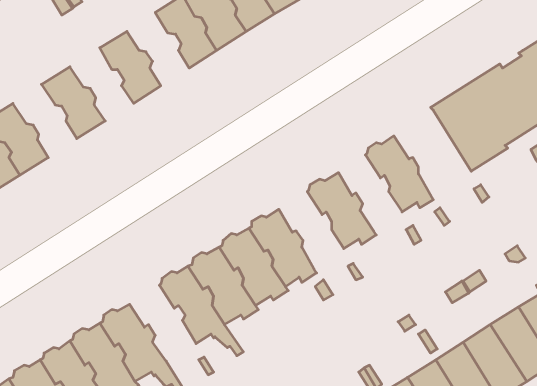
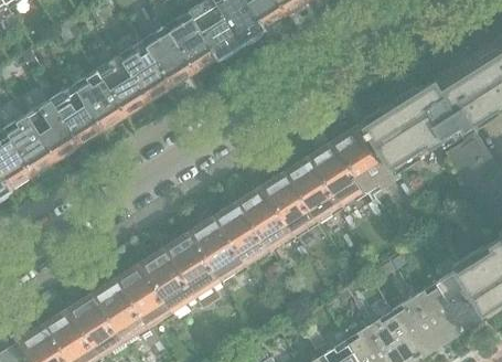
building: none -> [118,42,169,102]
building: none -> [72,71,124,130]
building: none -> [25,100,77,160]
building: none -> [335,121,399,199]
building: none -> [290,158,345,220]
building: none -> [242,188,297,251]
building: none -> [120,264,177,326]

